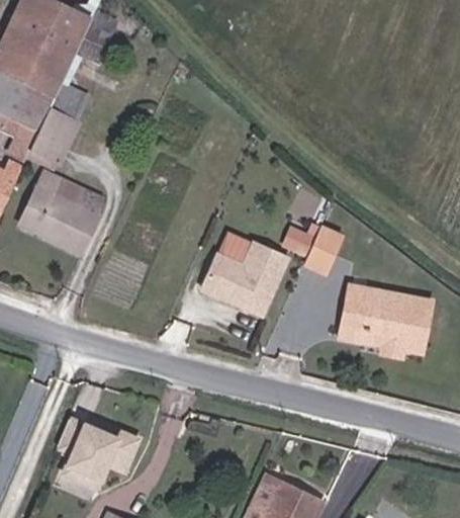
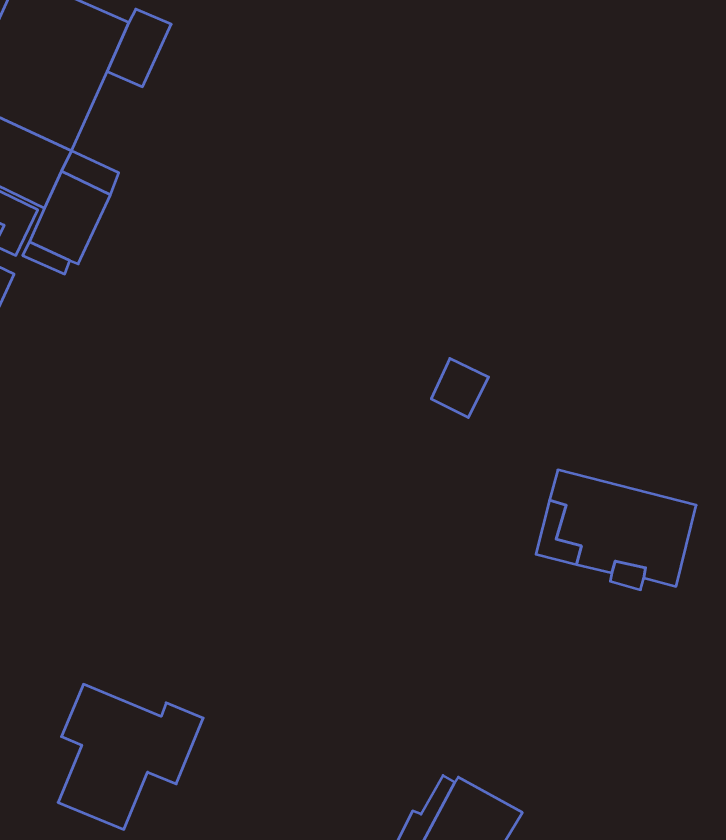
building: [21,171,103,253] -> none
building: [301,225,338,272] -> none
building: [201,240,284,313] -> none

